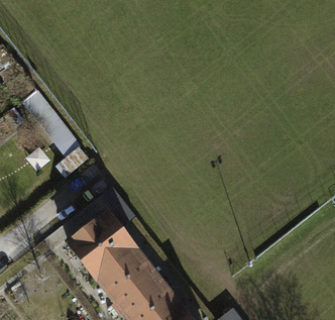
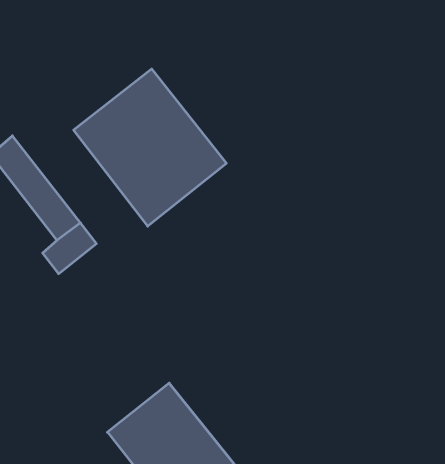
building: none -> [74,69,226,226]
building: [66,210,134,280] -> none

